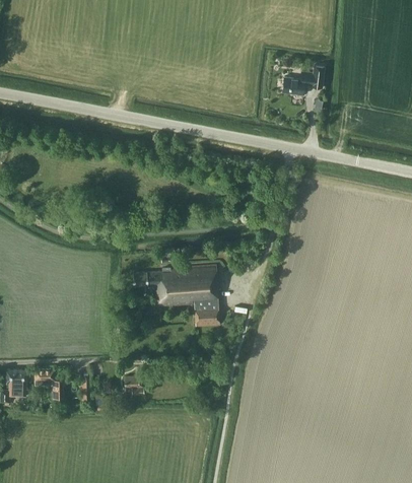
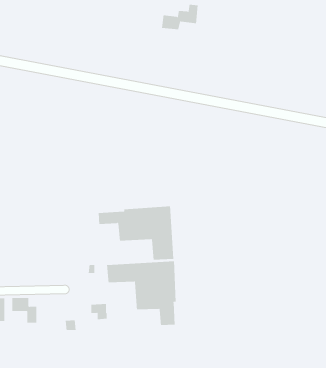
building: [280,65,323,94] -> [161,4,199,30]
building: none -> [106,261,176,326]

